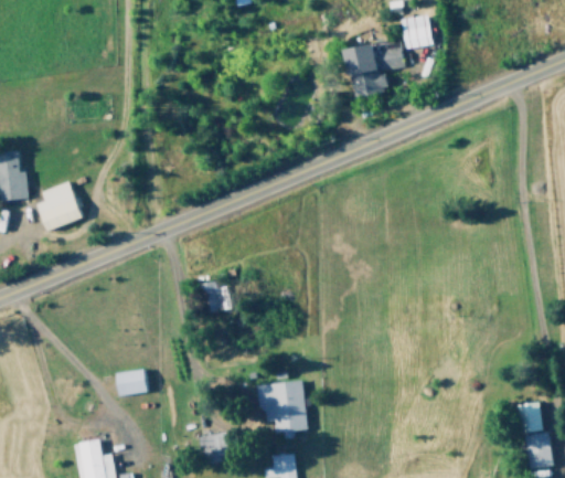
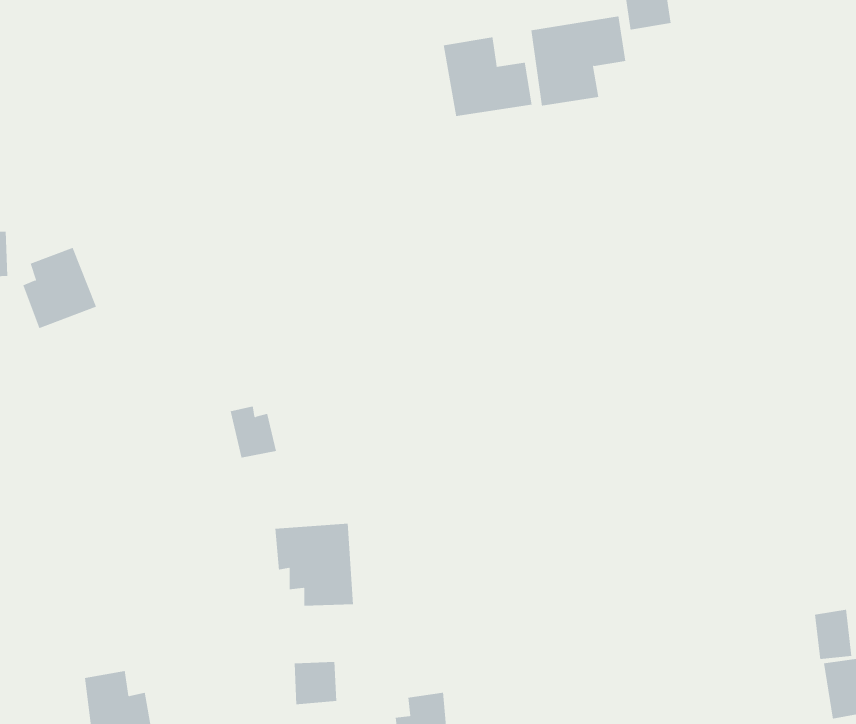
building: none -> [443,37,532,117]
building: [203,280,232,312] -> [230,406,277,458]
building: [115,369,147,396] -> none
building: [257,381,306,432] -> [274,523,354,606]

